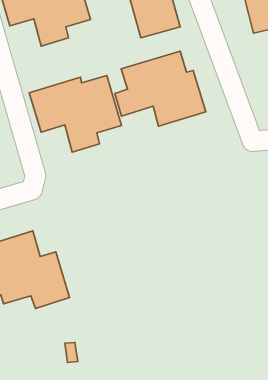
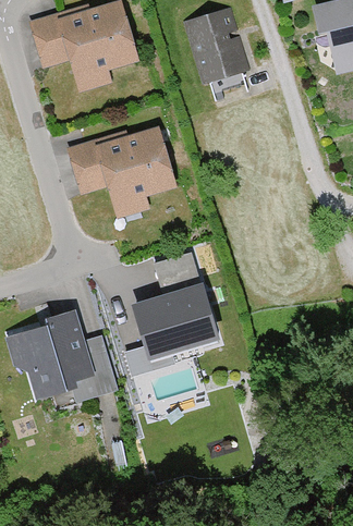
building: [115,51,206,126] -> none
building: none -> [136,250,219,358]

